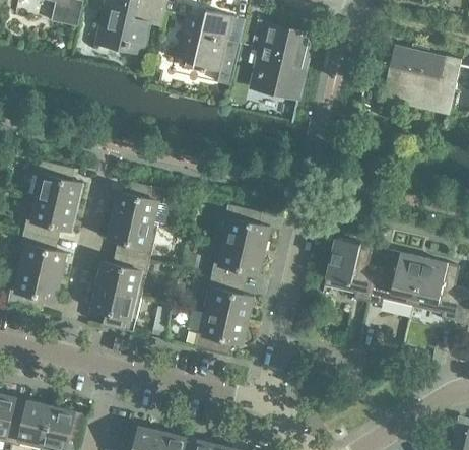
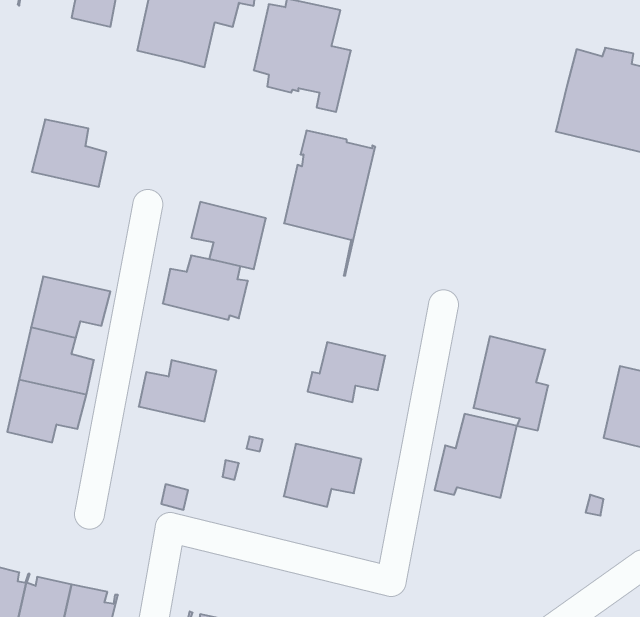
building: [251,23,313,122] -> [284,131,375,276]
building: [31,160,82,206] -> [32,119,106,187]
building: [224,203,270,250] -> none
building: [107,214,157,260] -> [191,202,266,269]
building: [367,249,423,306] -> [435,414,517,498]
building: [203,274,254,320] -> none
building: [90,284,141,331] -> none

